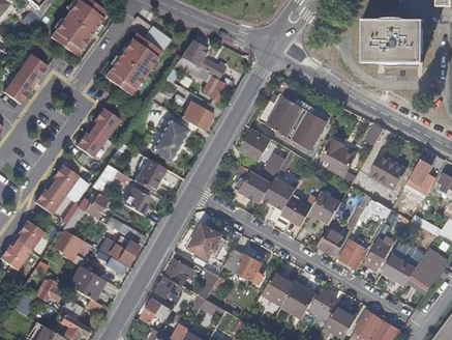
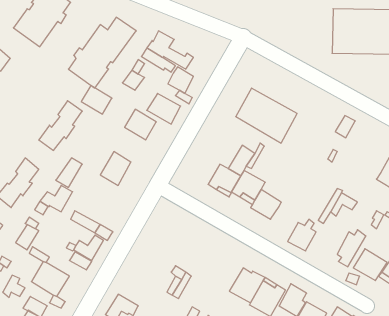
building: [240,129,271,162] -> none
building: [149,135,179,163] -> [81,86,112,114]
building: [322,138,356,176] -> none
building: [368,153,406,191] -> none
building: [123,187,149,214] -> none
building: [309,192,341,224] -> none
building: [187,224,222,260] -> none
building: [336,237,367,270] -> none
building: [223,250,263,285] -> none
building: [158,259,192,306] -> none

